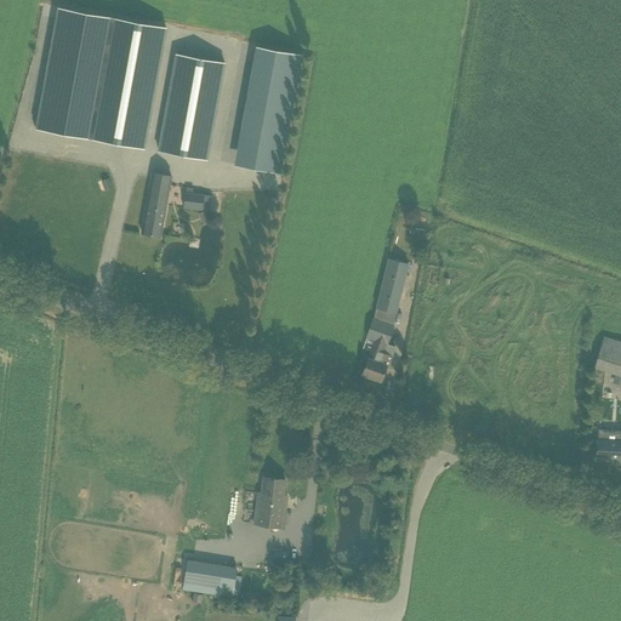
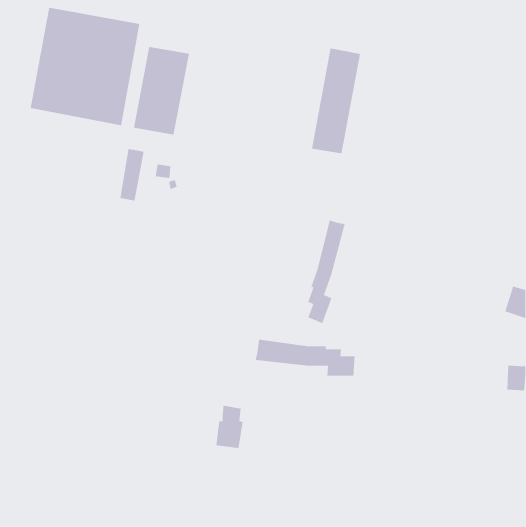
building: [243,47,301,172] -> [311,48,361,154]
building: none -> [255,339,355,377]
building: [181,559,235,596] -> none

